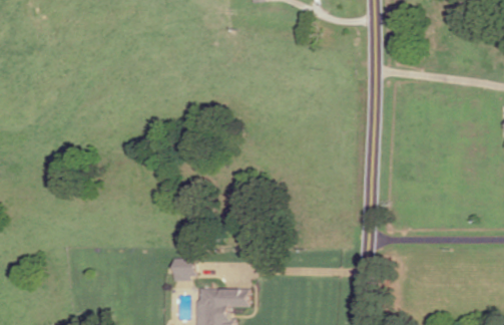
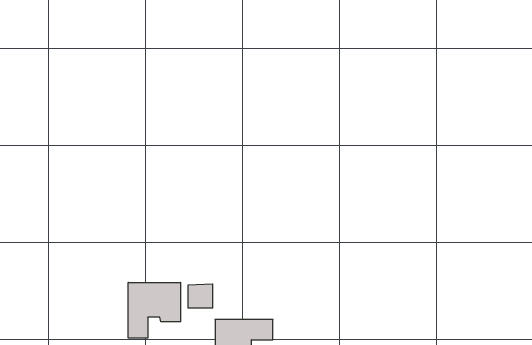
building: none -> [128,282,181,338]

